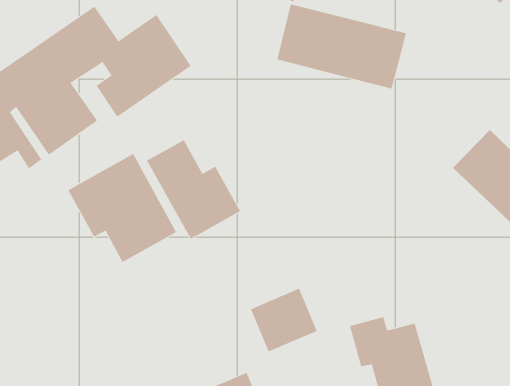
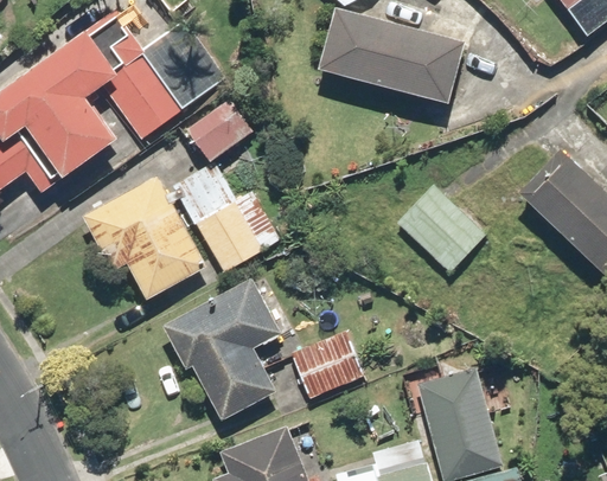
building: none -> [186,100,251,161]
building: none -> [396,185,486,274]
building: none -> [161,277,283,422]

